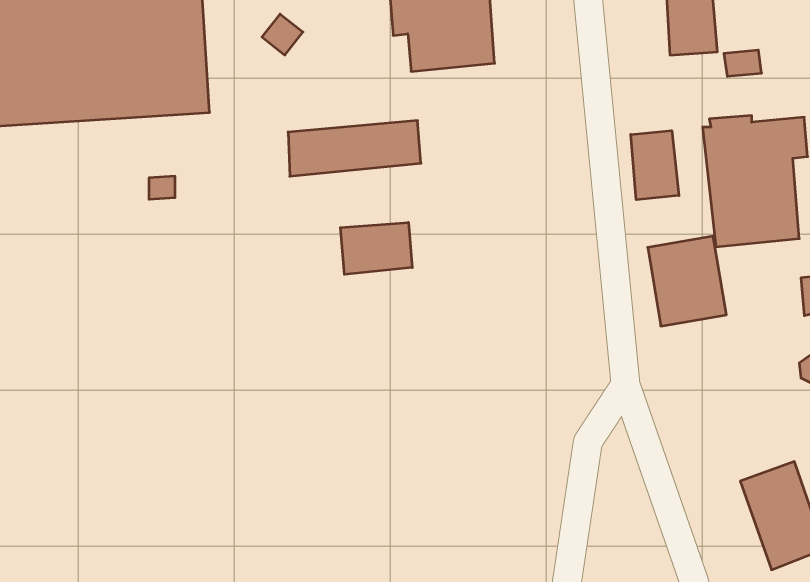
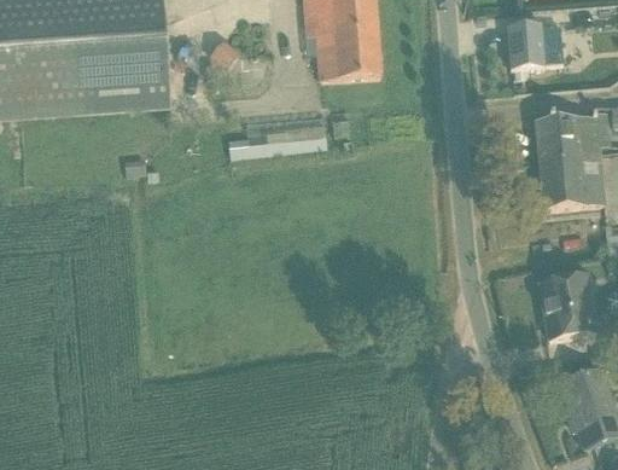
building: [631,131,679,200] -> none
building: [340,222,412,274] -> none
building: [648,236,726,326] -> [540,272,597,338]

